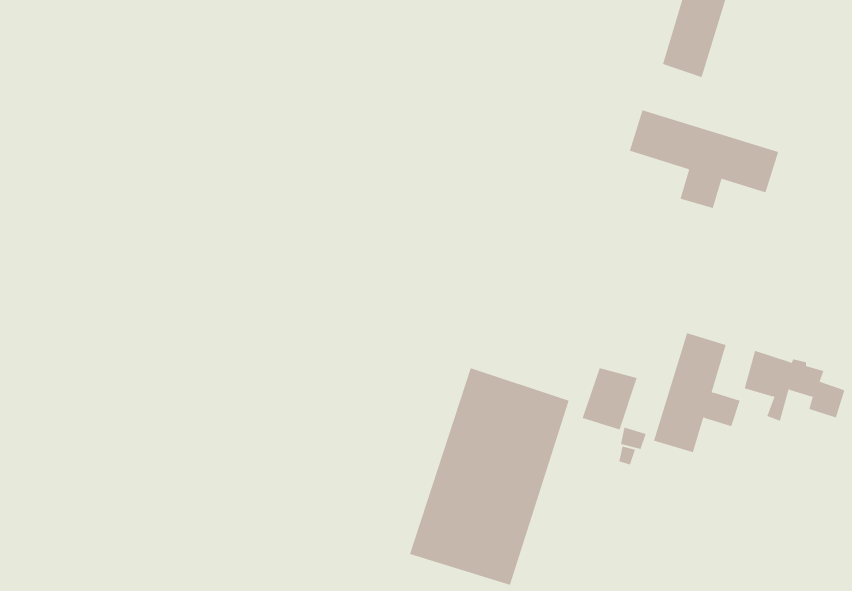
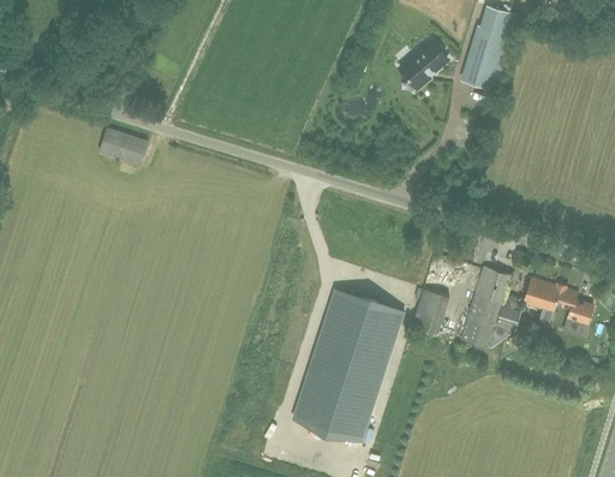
building: none -> [399,42,446,88]
building: [629,110,779,209] -> none
building: none -> [101,127,150,165]

